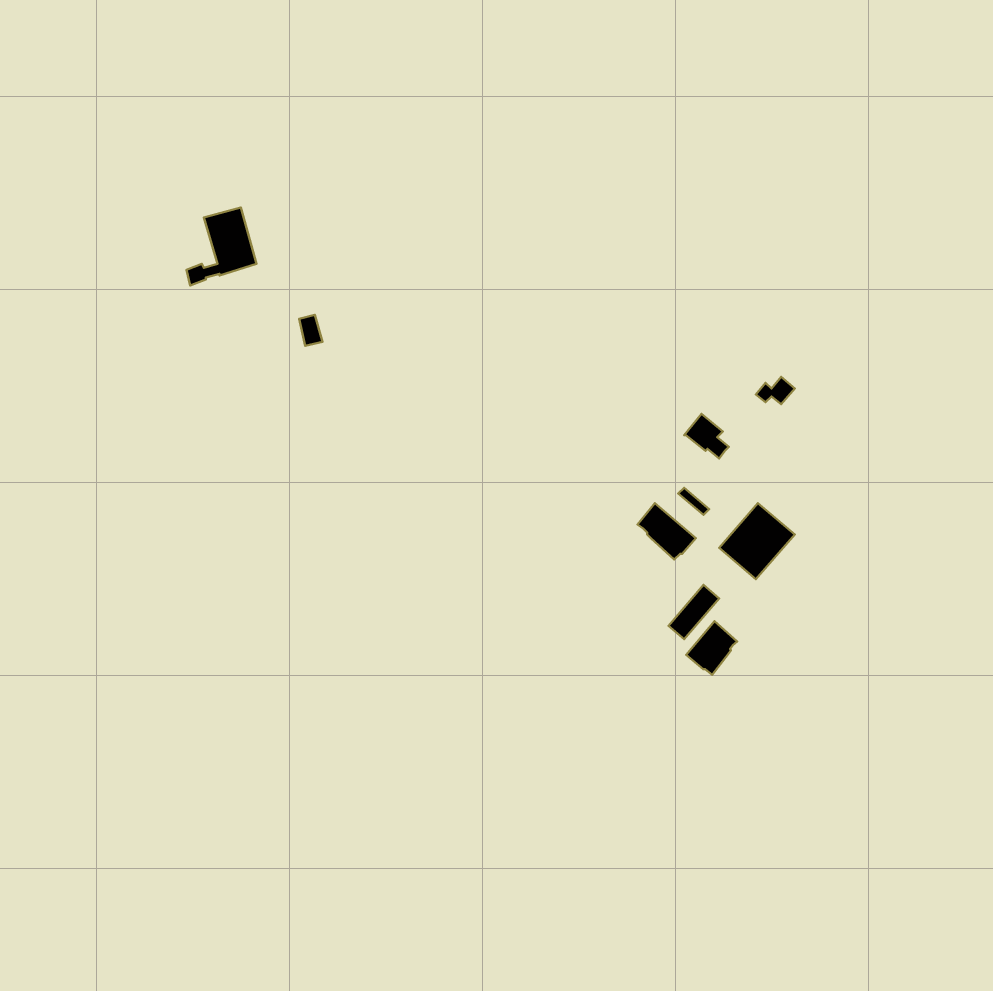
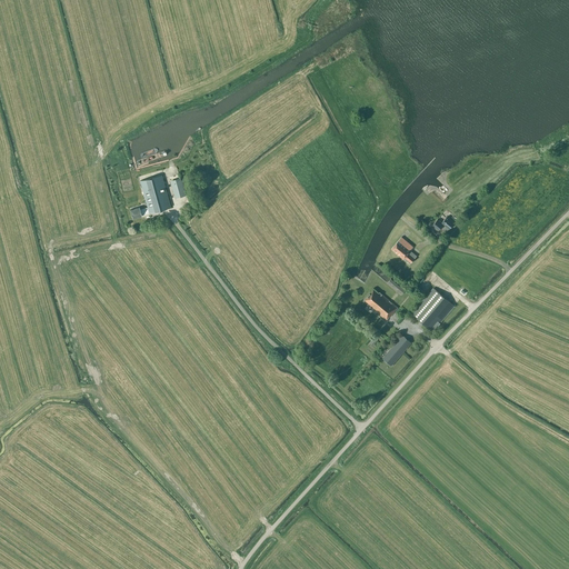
building: [186,208,256,285] -> [130,176,170,220]
building: [686,621,737,675] -> none

